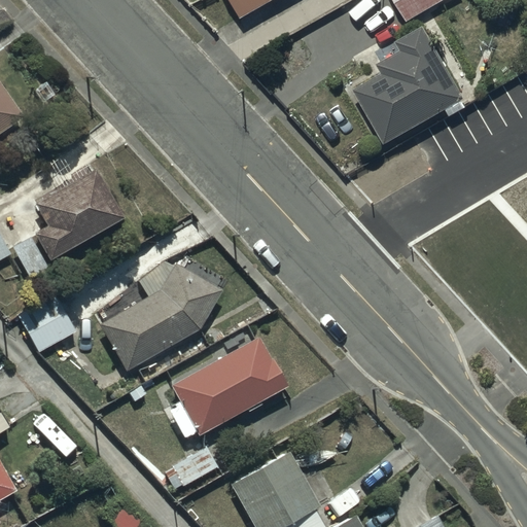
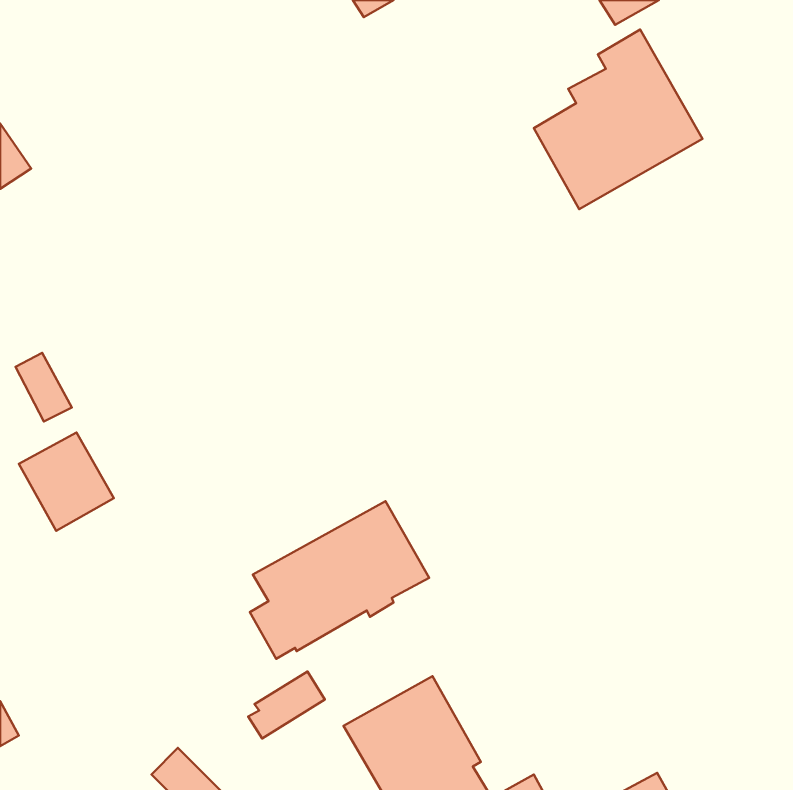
building: [34,168,124,260] -> none
building: [100,260,221,372] -> none

